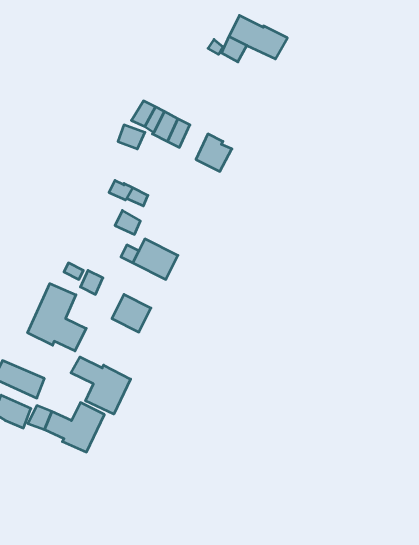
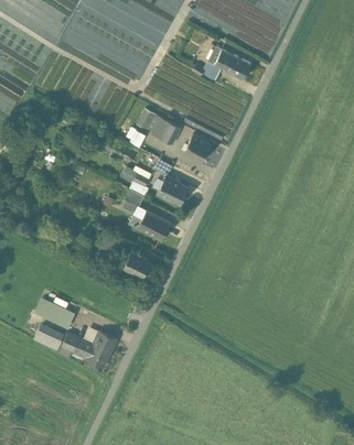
building: none -> [154,173,185,202]
building: [28,284,86,351] -> none
building: [71,357,131,414] -> none

